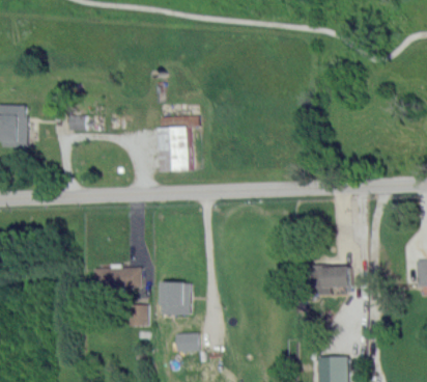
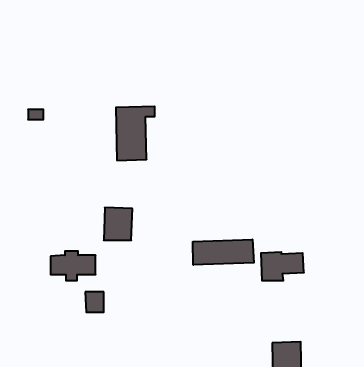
building: none -> [193,239,254,265]
building: [160,281,189,315] -> [104,208,132,240]
building: [175,333,199,352] -> none

